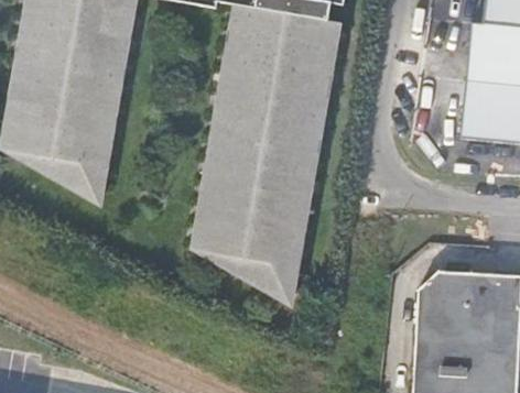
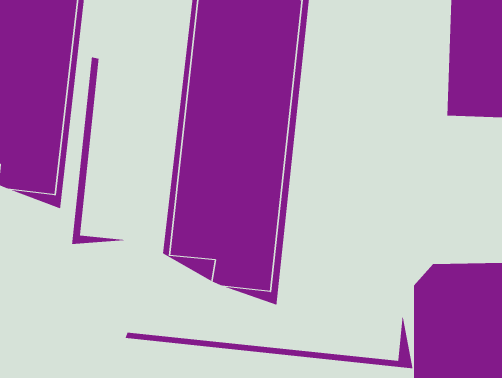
building: none -> [72,56,132,245]
building: none -> [125,313,413,369]

